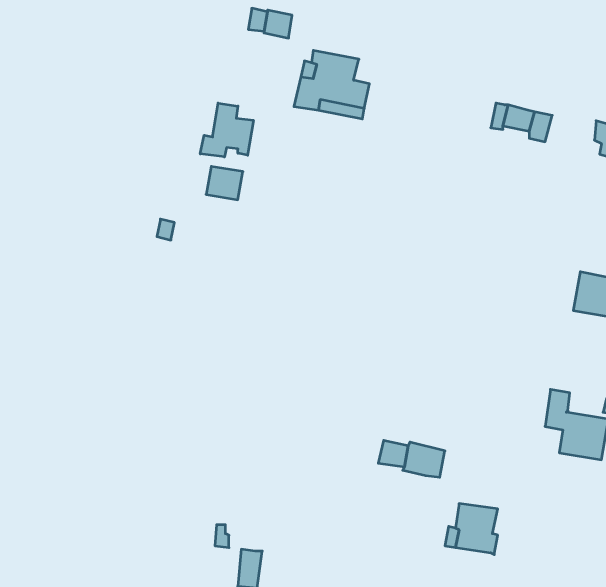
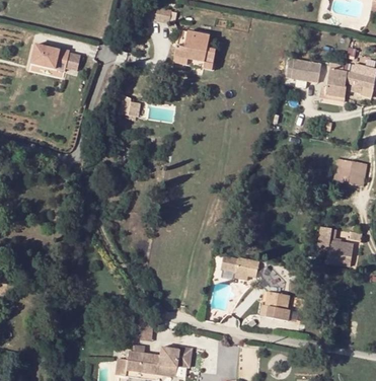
building: none -> [34,44,73,69]
building: [200,103,253,157] -> none
building: none -> [321,65,347,97]

